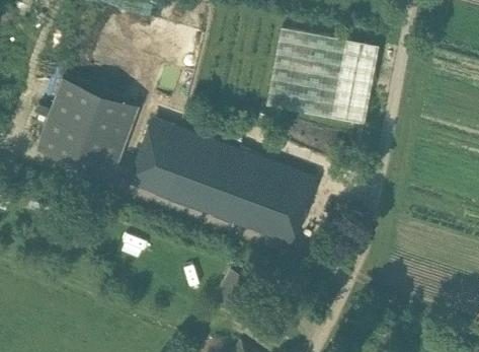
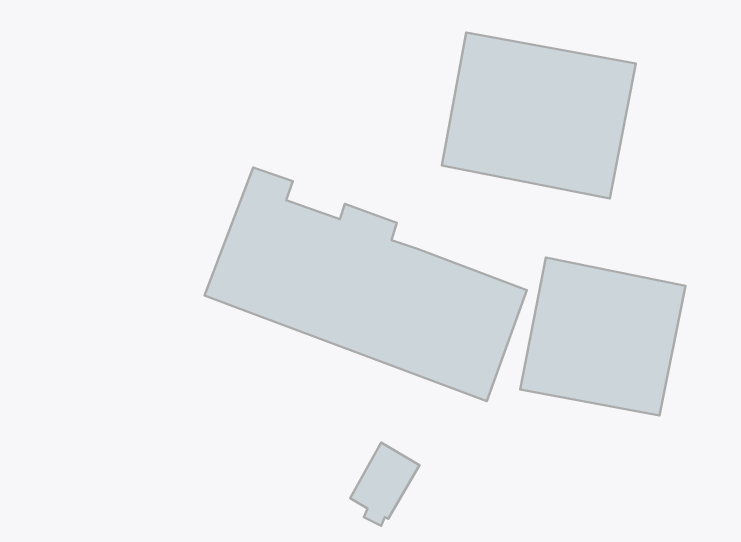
building: [34,77,139,178] -> none
building: none -> [520,257,685,416]

